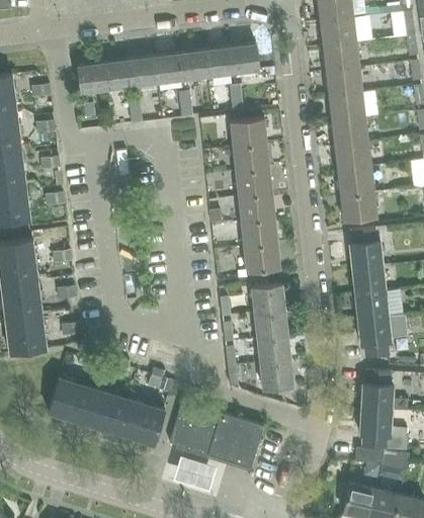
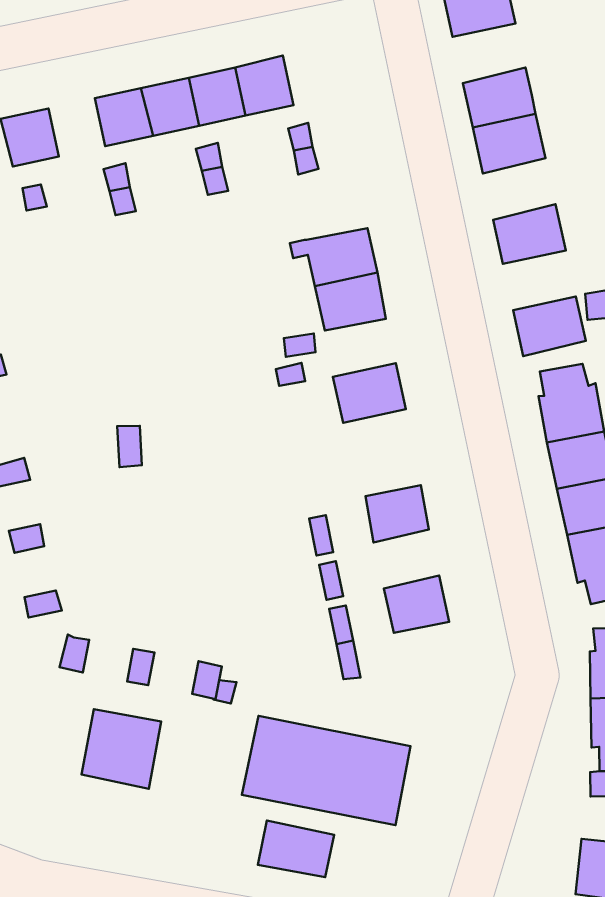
building: [323,44,360,73] -> none
building: [231,46,259,76] -> none
building: [102,62,131,91] -> none
building: [231,116,267,149] -> none
building: [332,117,369,148] -> none
building: [338,168,375,197] -> none
building: [239,195,275,224] -> none
building: [244,245,280,273] -> none
building: [254,311,287,340] -> none
building: [260,361,293,390] -> none
building: [48,378,95,424] -> none
building: [120,400,164,444] -> none

